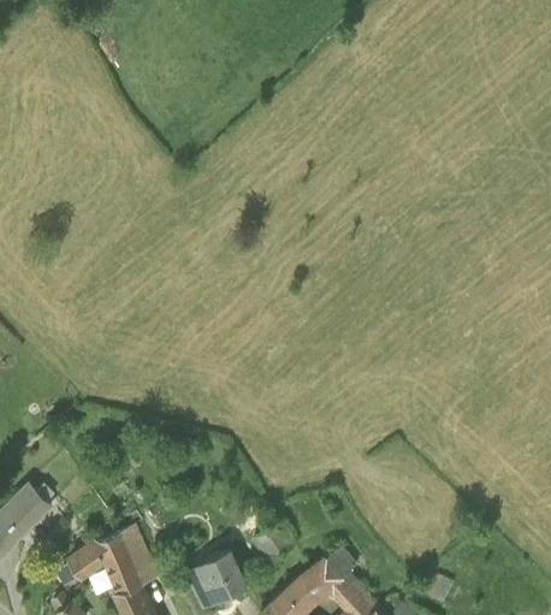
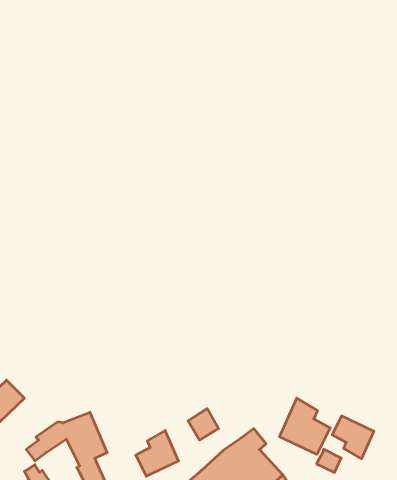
building: none -> [280,398,330,454]
building: none -> [332,416,374,459]

